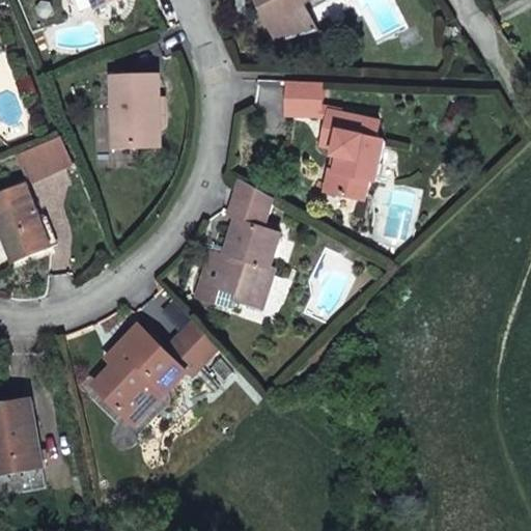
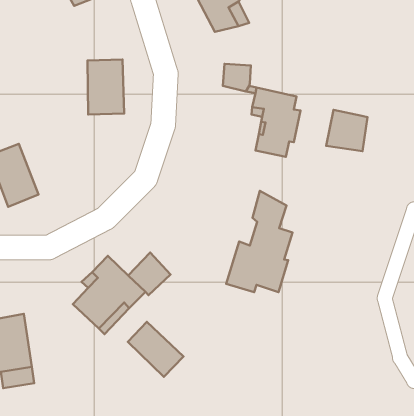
building: [19,134,71,179] -> none
building: none -> [326,110,368,151]
building: [194,179,278,308] -> [226,191,292,292]
building: none -> [128,322,183,377]

